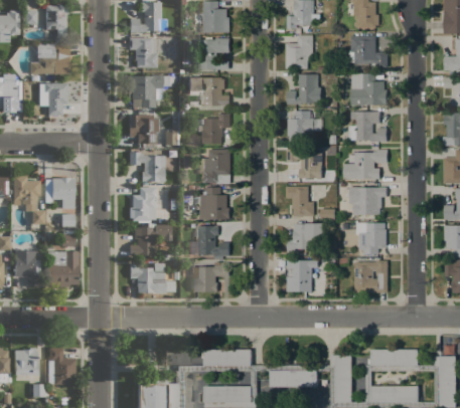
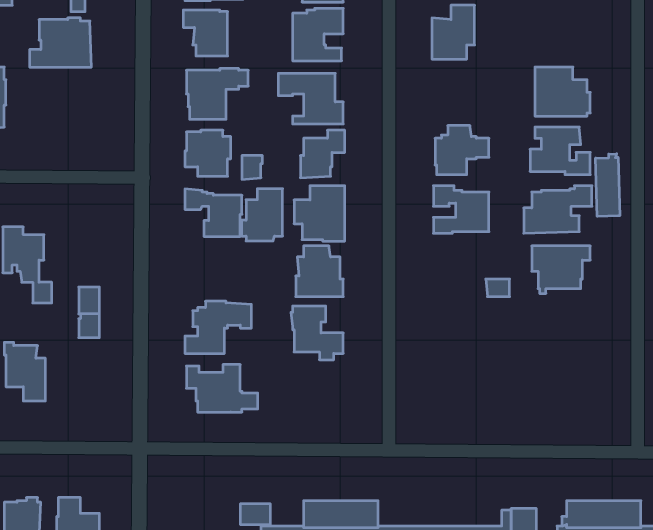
building: [349,35,388,67] -> none
building: [287,73,321,104] -> none
building: [38,82,67,115] -> none
building: none -> [596,154,620,216]
building: [44,177,74,208] -> none
building: [286,186,314,216] -> none
building: [129,187,155,220] -> [241,189,283,241]
building: [357,222,387,254] -> none
building: [287,223,324,252] -> none
building: [47,250,78,286] -> none
building: [287,259,318,291] -> none
building: [354,260,389,292] -> none
building: [192,262,229,291] -> none

